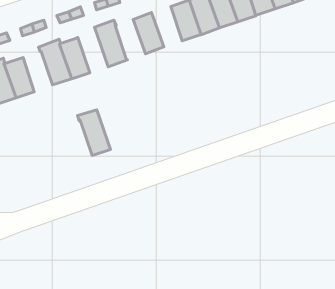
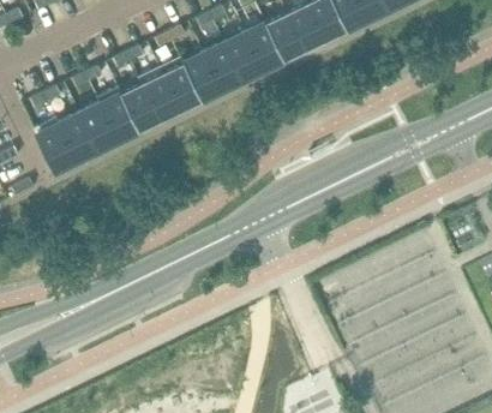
building: none -> [223,32,263,80]
building: none -> [182,53,222,101]
building: none -> [79,103,118,151]
building: [78,110,110,155] -> [137,67,180,121]

